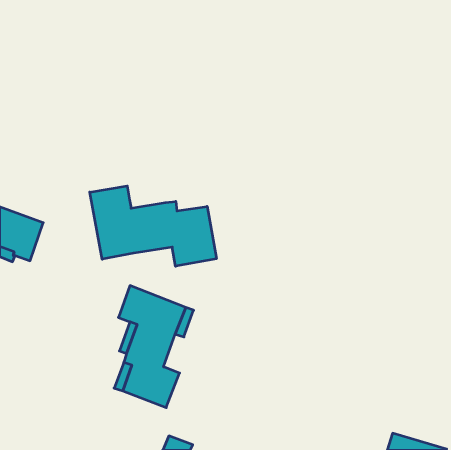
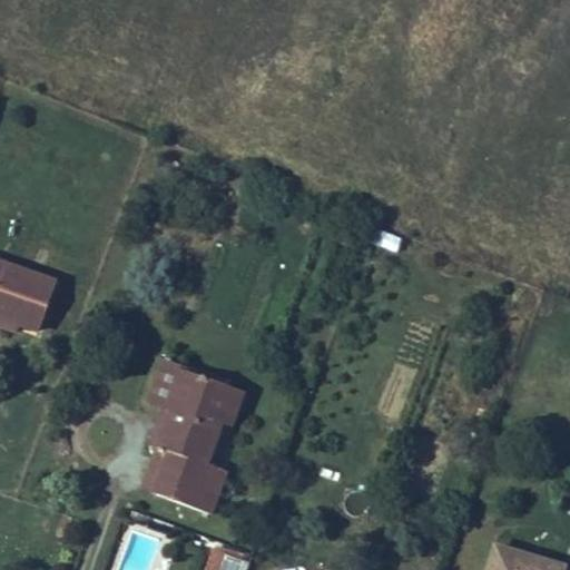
building: [90,186,216,266] -> none

